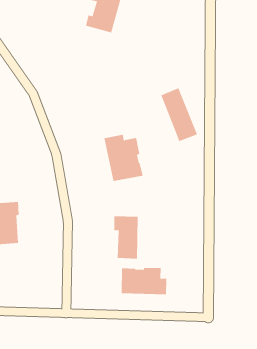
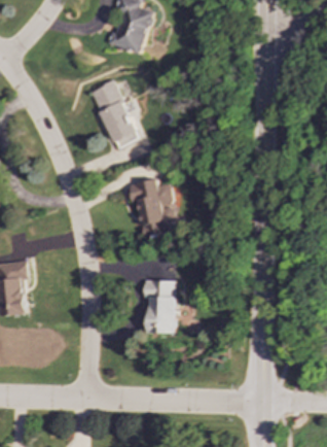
building: [161,88,198,142] -> [92,81,138,148]
building: [121,267,167,295] -> none

